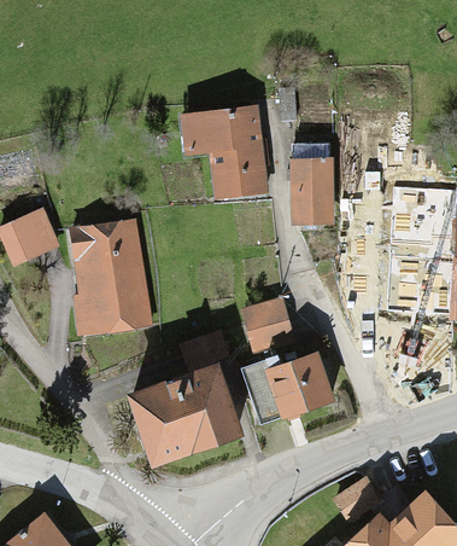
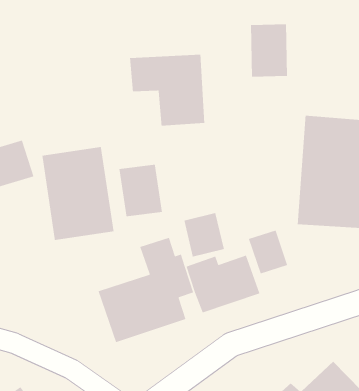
building: [291,153,336,220] -> [250,24,288,78]
building: none -> [119,164,163,217]
building: none -> [248,229,288,274]

